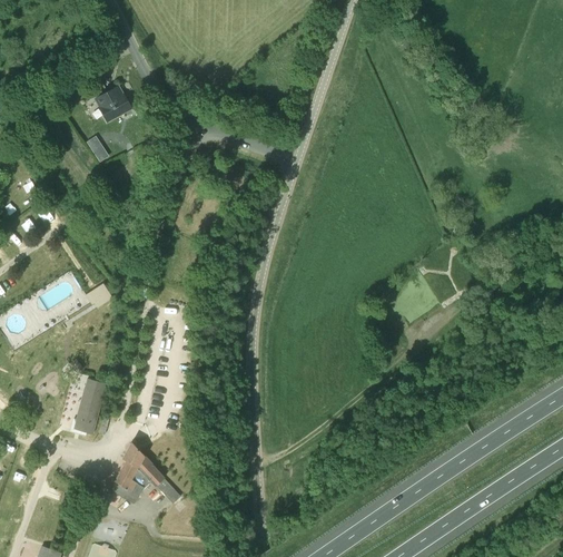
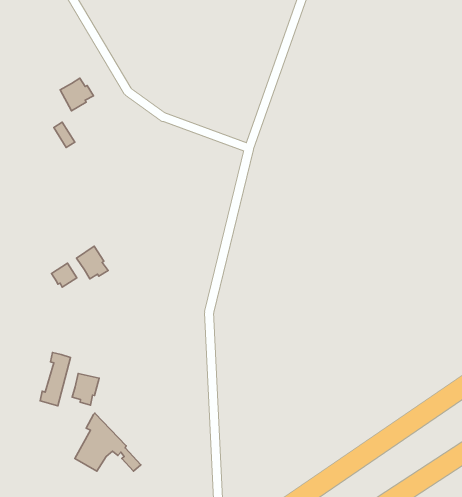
building: none -> [77,246,108,279]
building: none -> [72,373,99,405]

